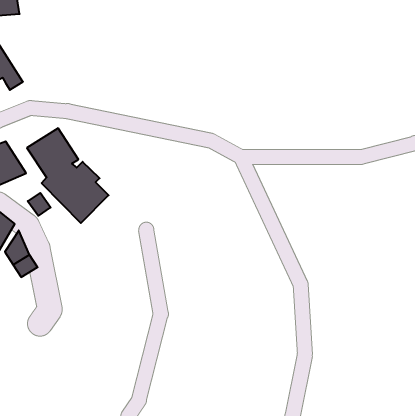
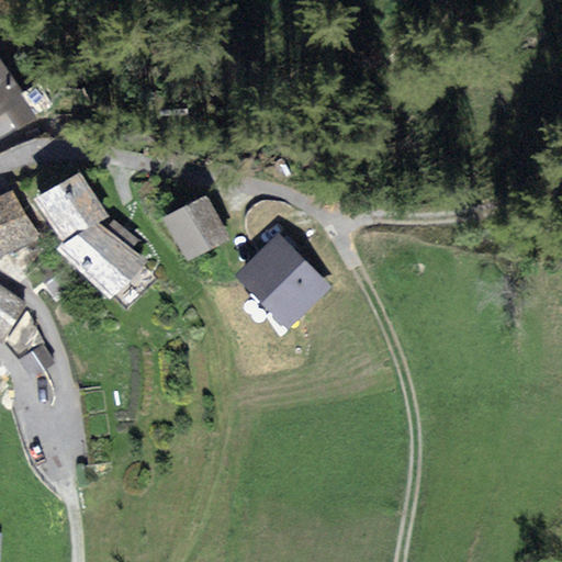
building: none -> [166,195,223,254]
building: none -> [236,236,327,326]

